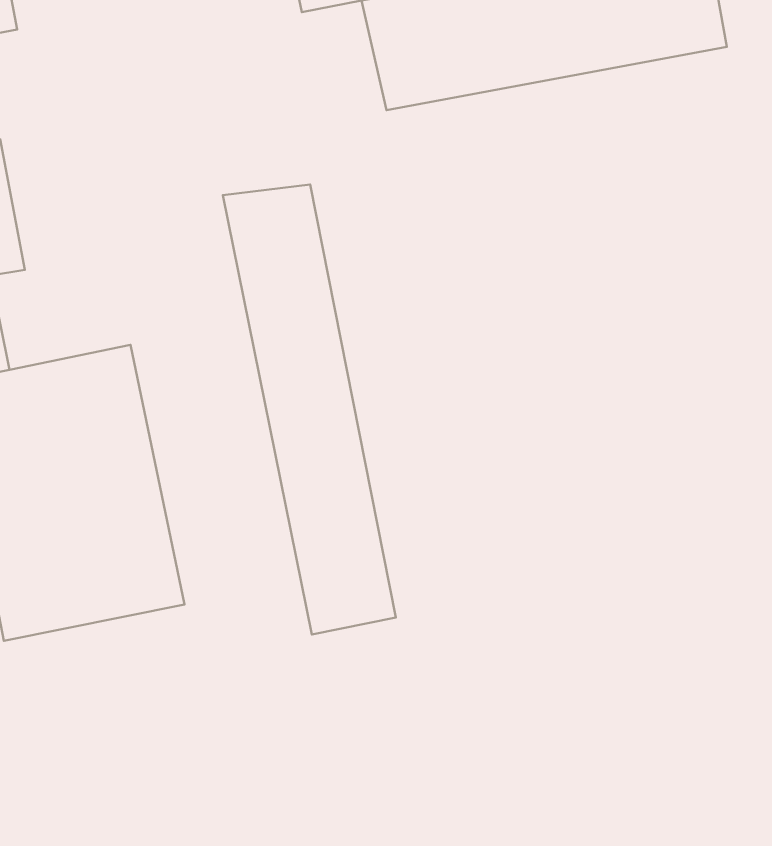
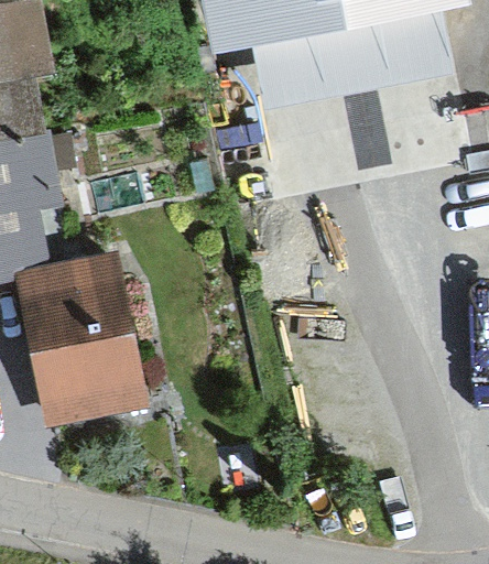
building: [223,184,396,635] -> none

